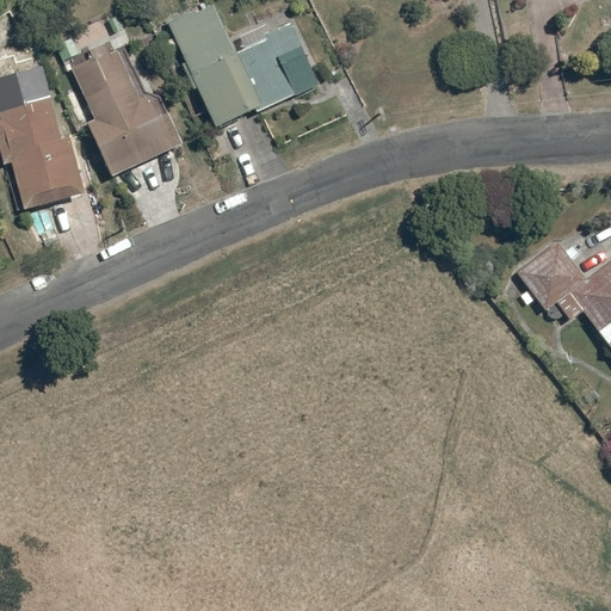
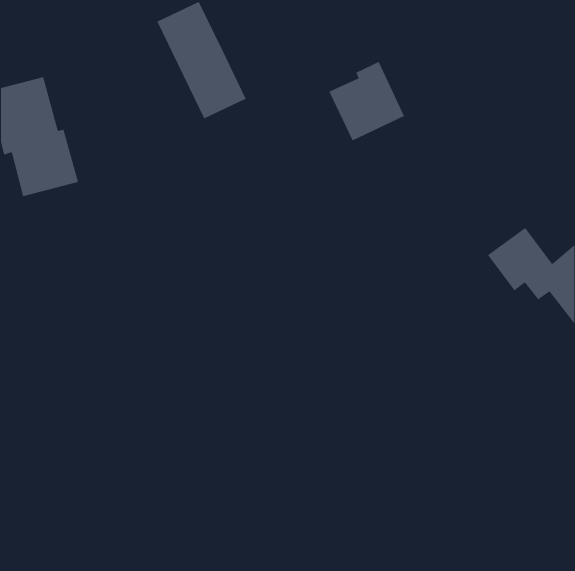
building: [236,20,317,105] -> [328,61,405,141]
building: [72,41,181,178] -> none

